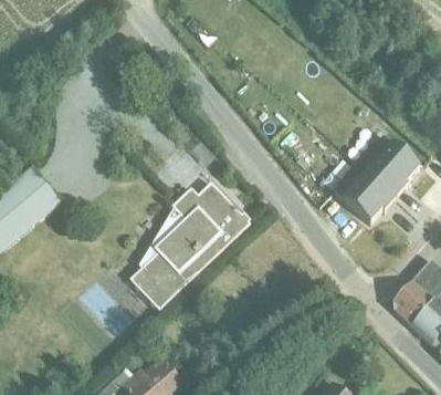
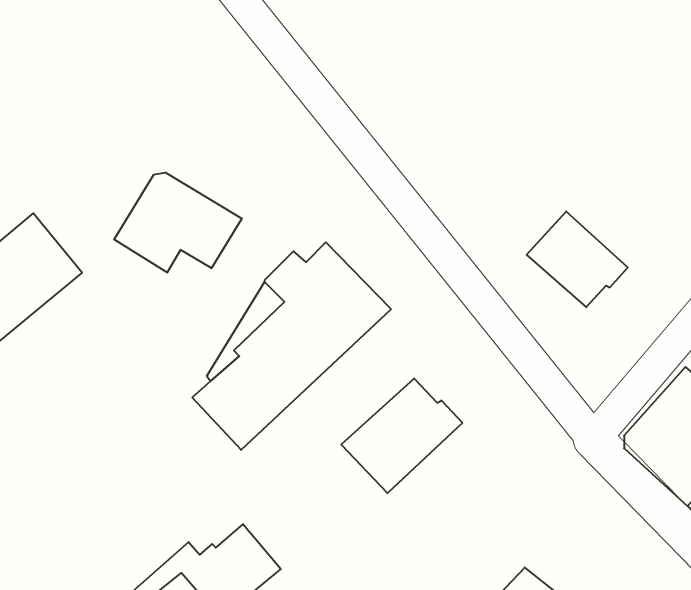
building: [358,134,420,197] -> none
building: none -> [114,173,242,273]
building: none -> [341,378,462,493]

